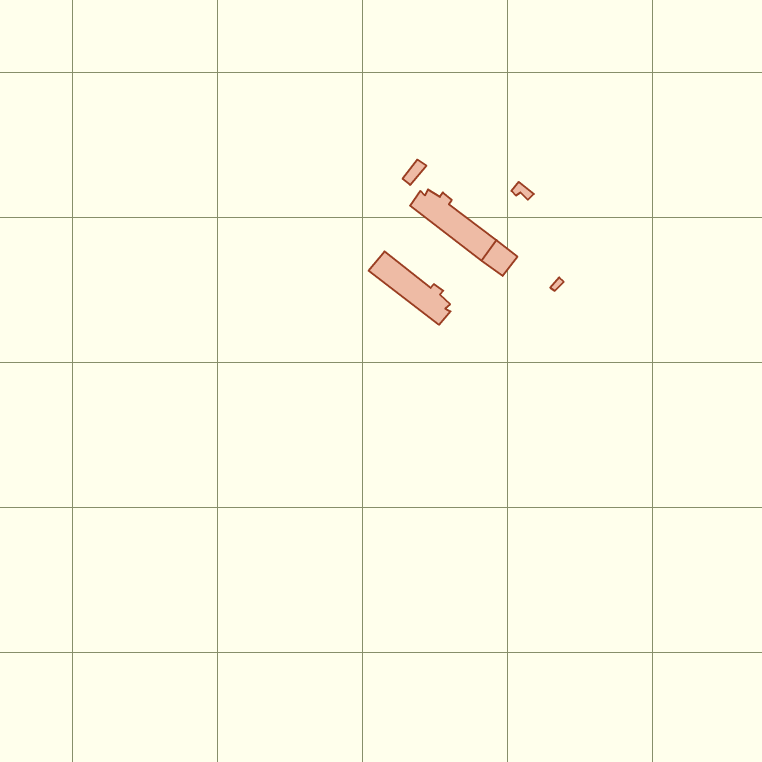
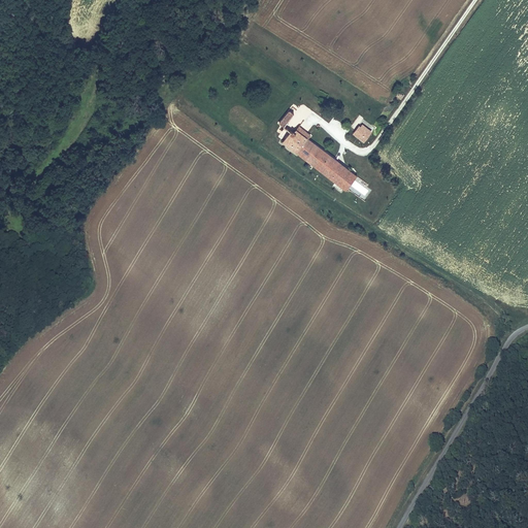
building: [369,251,451,325] -> none

